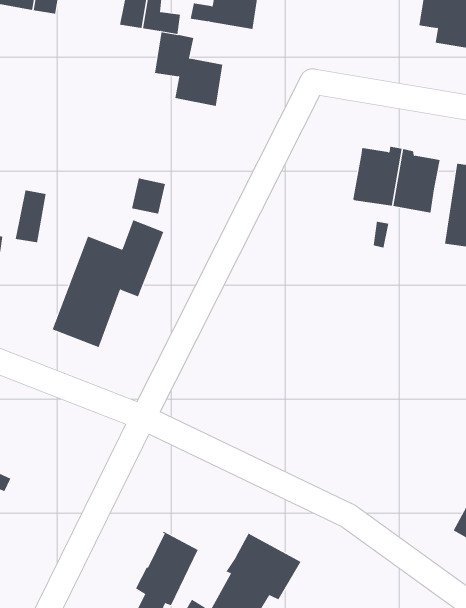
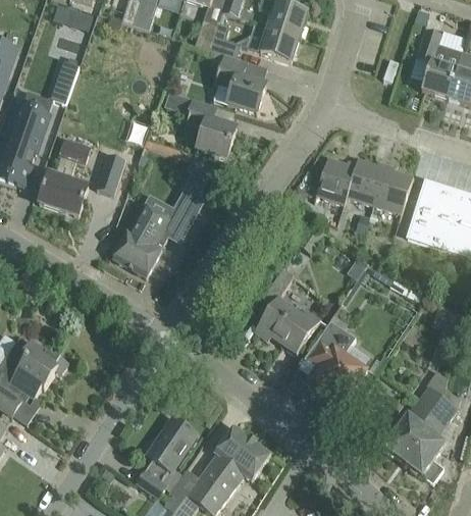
building: none -> [166,90,237,158]
building: none -> [316,157,357,203]
building: none -> [255,267,321,353]
building: none -> [305,320,367,401]

